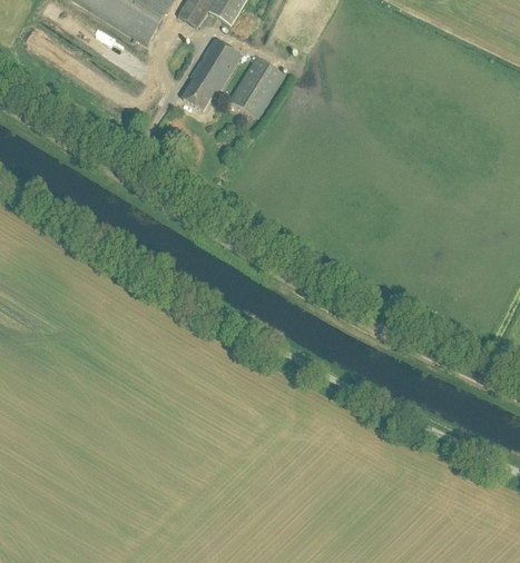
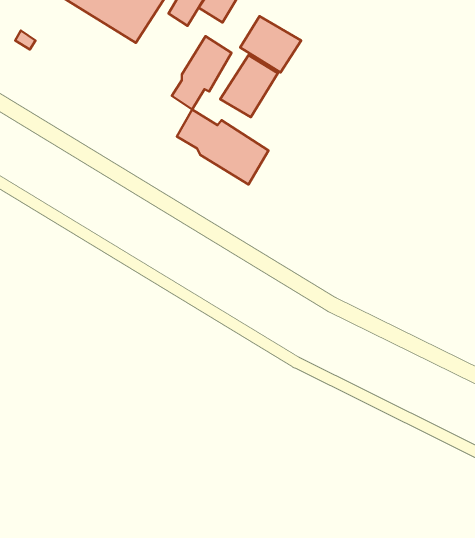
building: none -> [240,16,301,73]
building: none -> [177,109,268,185]

